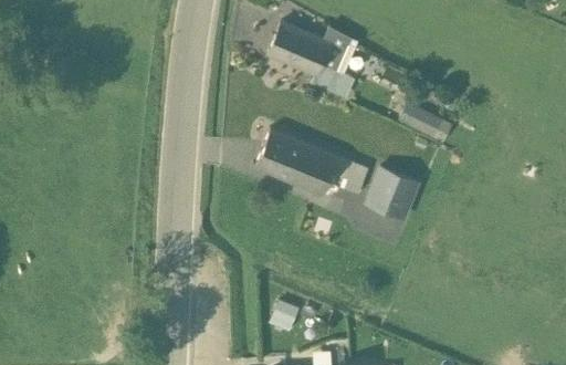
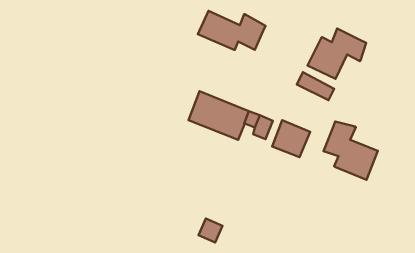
building: none -> [308,29,366,79]
building: [313,64,354,97] -> none
building: none -> [323,122,378,180]

